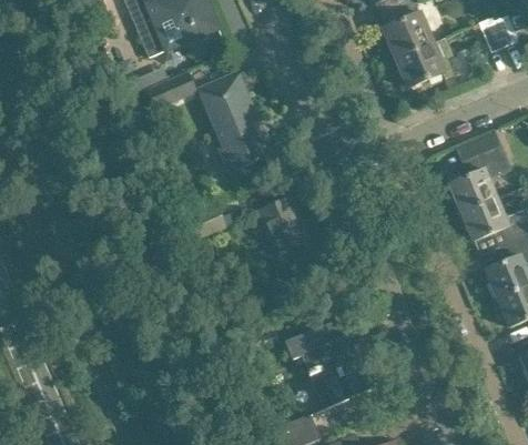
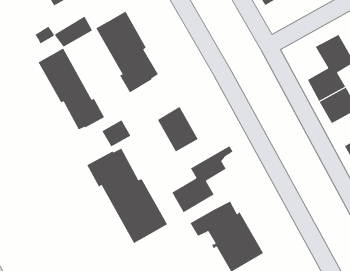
building: none -> [38,48,105,130]
building: none -> [86,148,168,244]
building: none -> [172,146,234,213]

